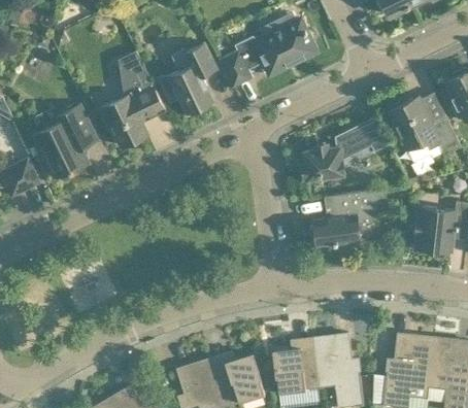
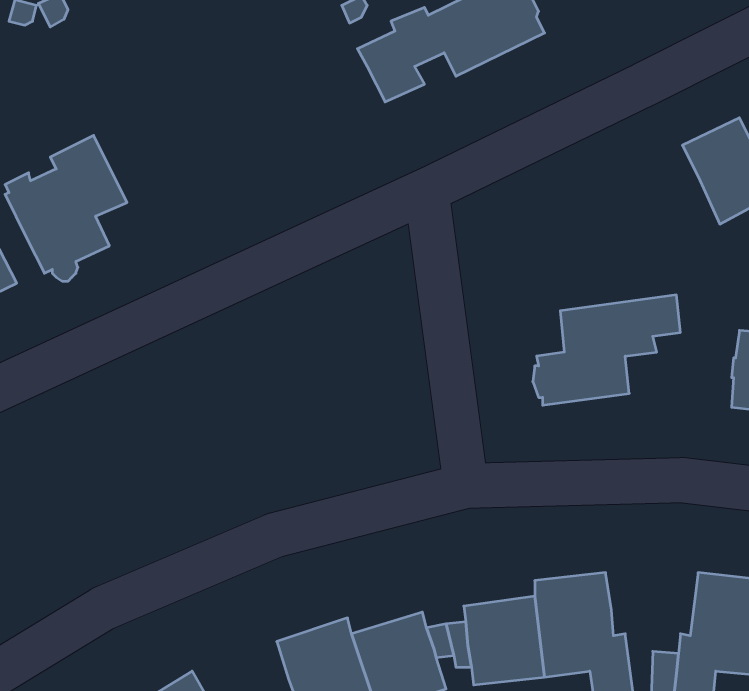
building: [157,43,218,115] -> none
building: [99,50,166,147] -> none
building: [302,116,391,181] -> none

